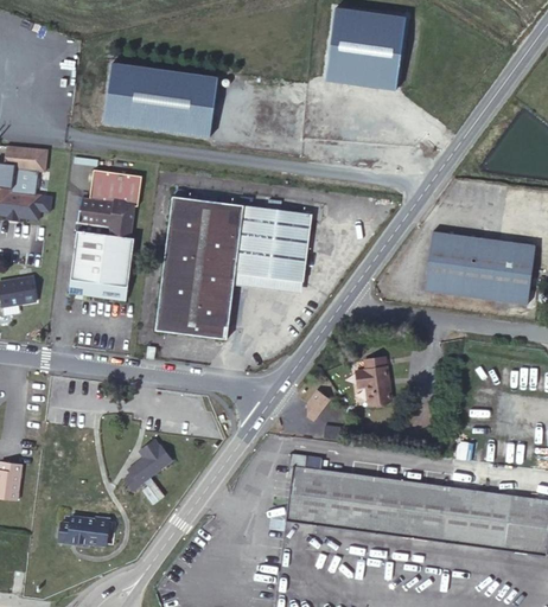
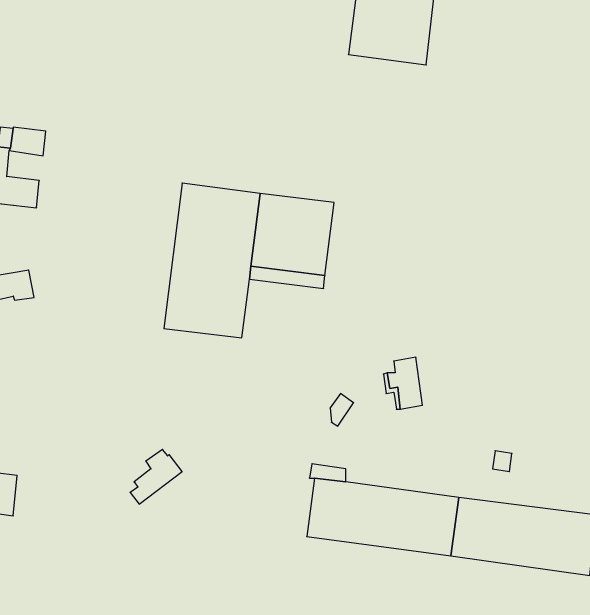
building: [104,64,218,136] -> none
building: [69,170,141,300] -> none
building: [426,229,537,302] -> none
building: [59,516,109,545] -> none

